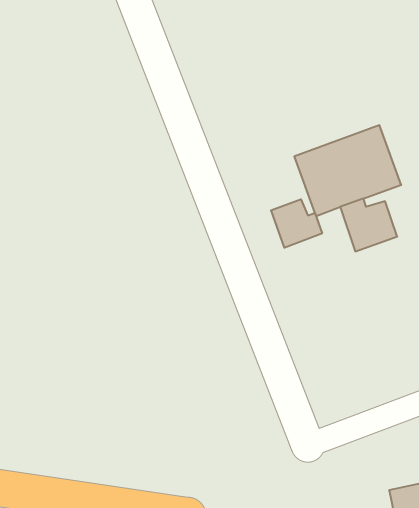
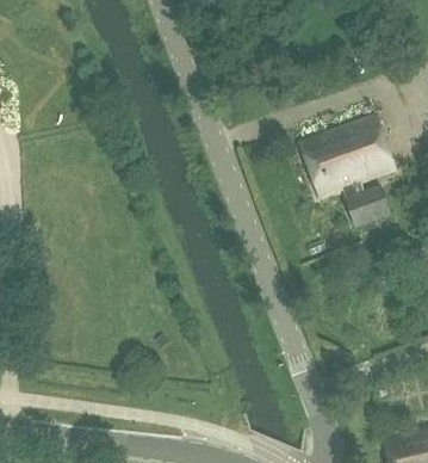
building: [271,199,322,248] -> none

